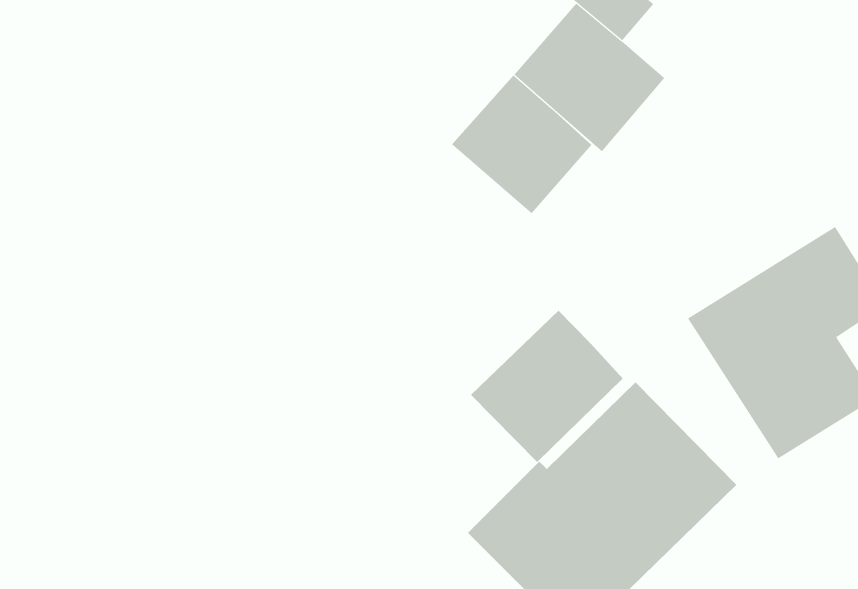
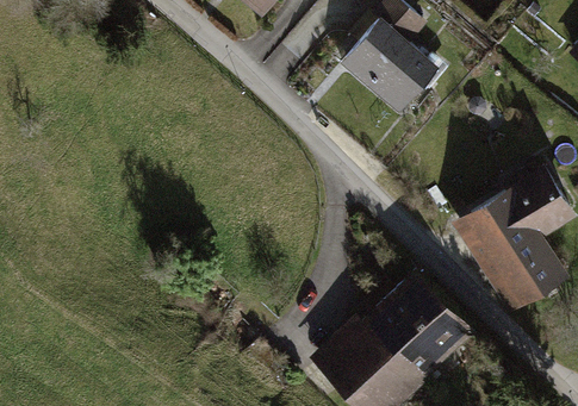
building: [451,75,592,214] -> none
building: [470,310,624,463] -> none

